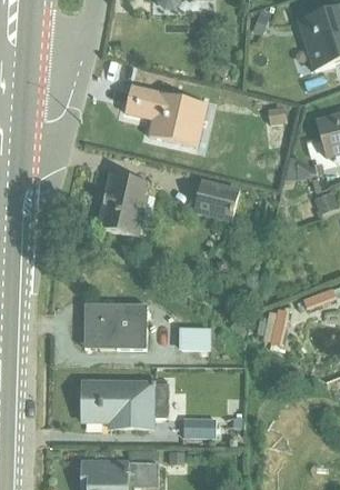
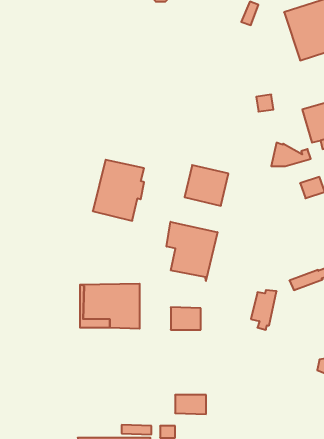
building: [124,84,208,146] -> none
building: none -> [167,222,217,281]
building: [83,381,169,429] -> none

